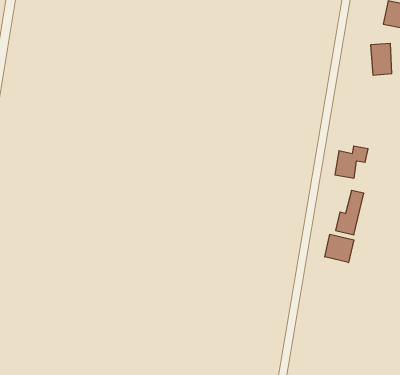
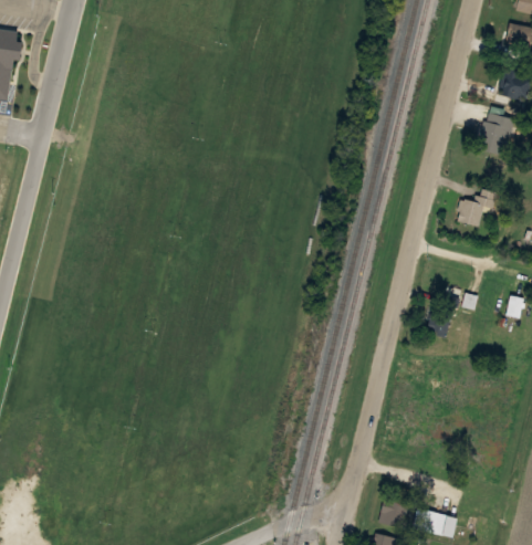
building: [335,146,368,178] -> [455,189,496,227]
building: [325,234,354,263] -> none

